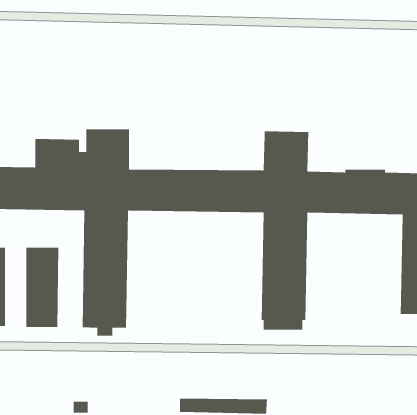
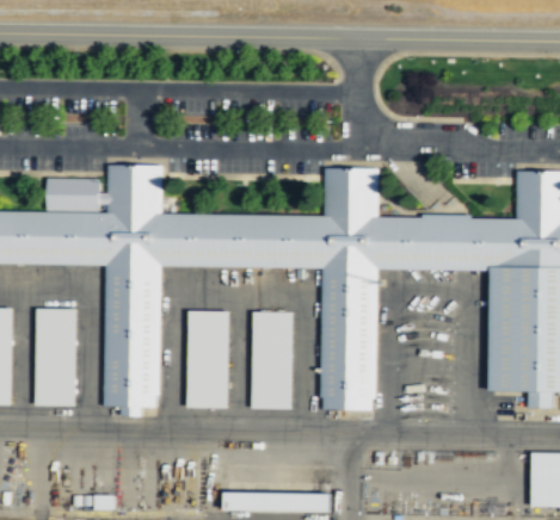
building: none -> [187,311,228,408]
building: none -> [251,311,291,409]

